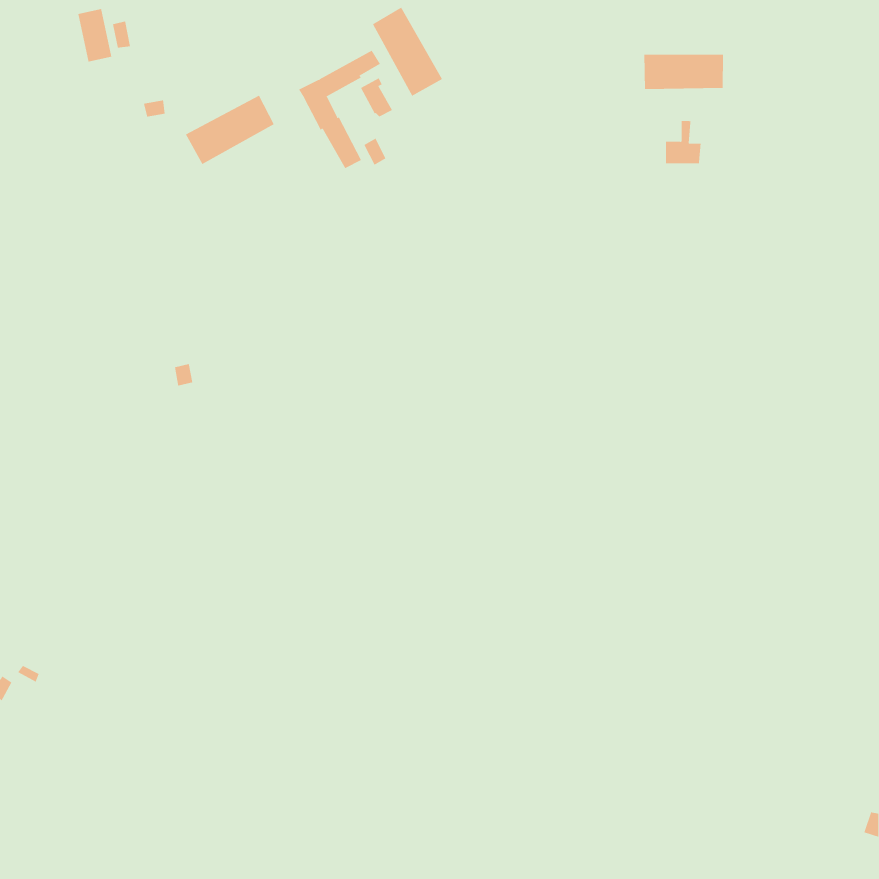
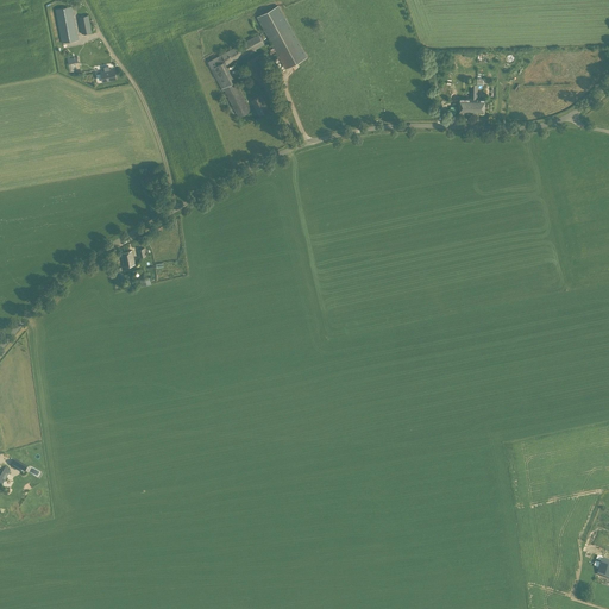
building: [644,54,724,90] -> none
building: [185,95,275,165] -> none

